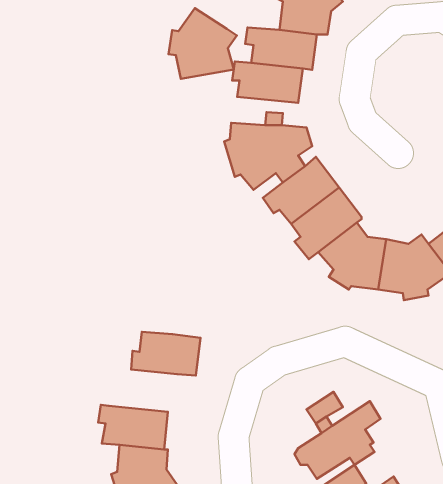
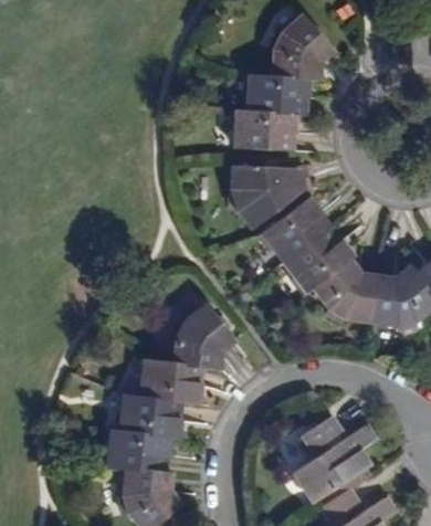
building: [168,8,237,79] -> none
building: none -> [172,306,234,368]
building: none -> [115,396,179,436]

